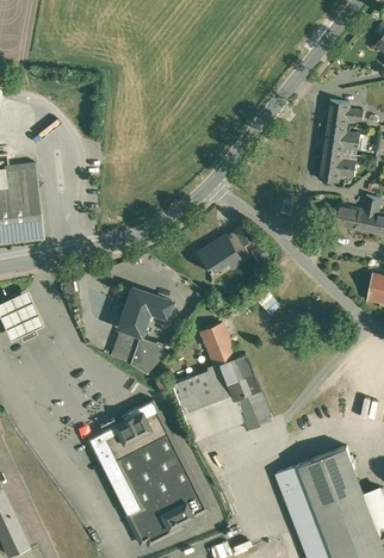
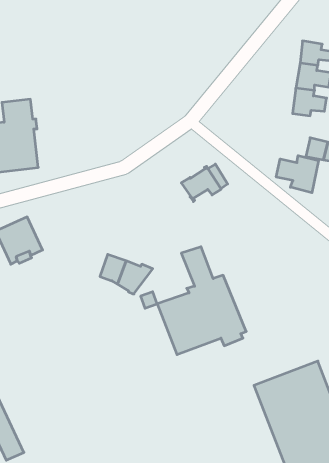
building: none -> [276,156,318,193]
building: [117,289,169,335] -> none
building: [87,399,208,545] -> none

